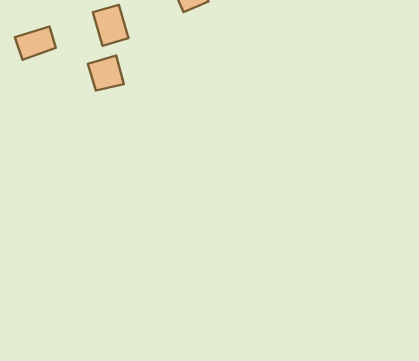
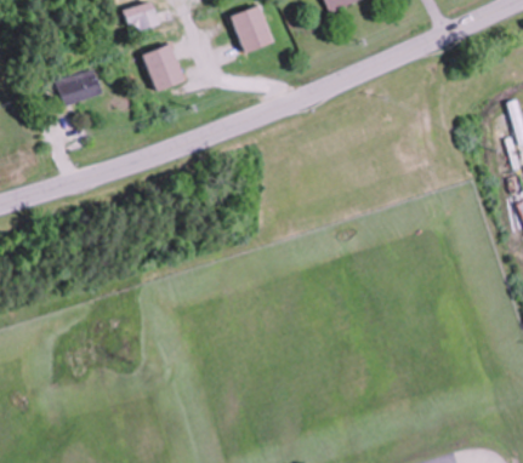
building: [88,56,124,90] -> none

